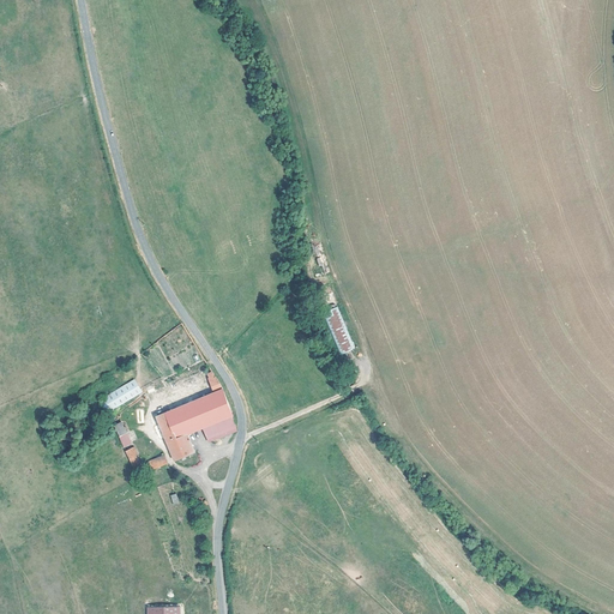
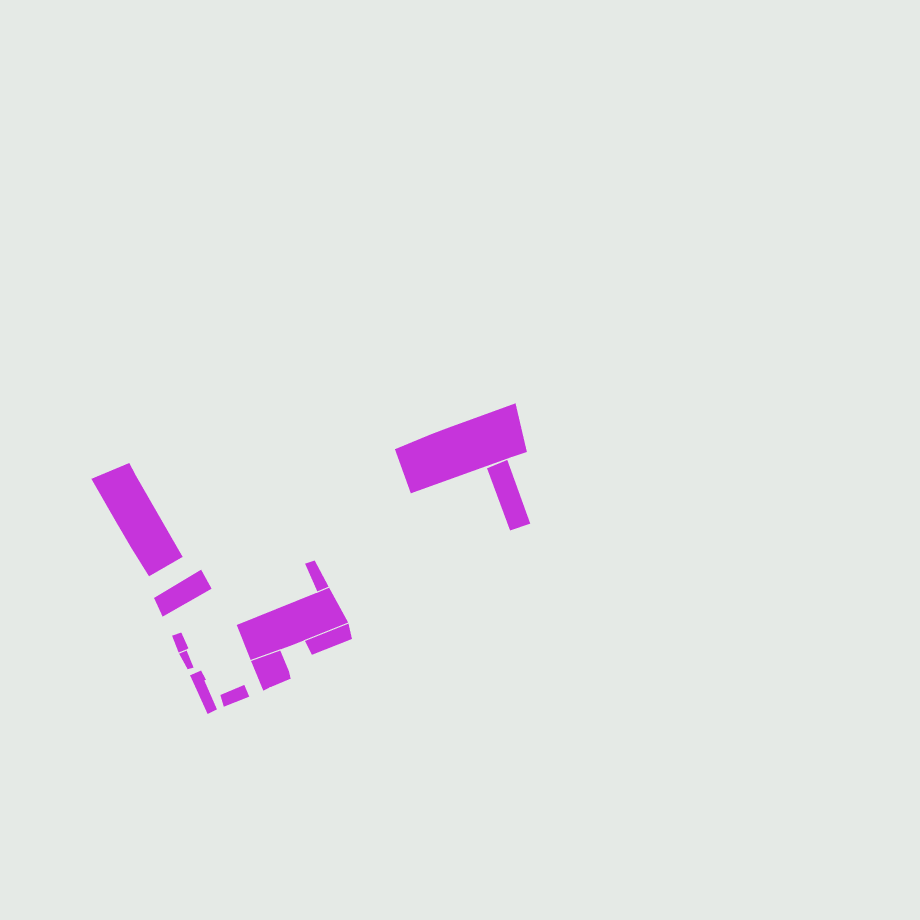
building: none -> [394,403,527,494]
building: none -> [91,462,183,577]

